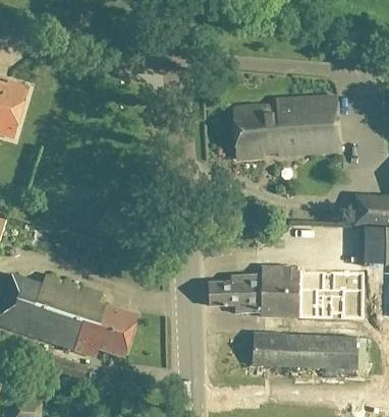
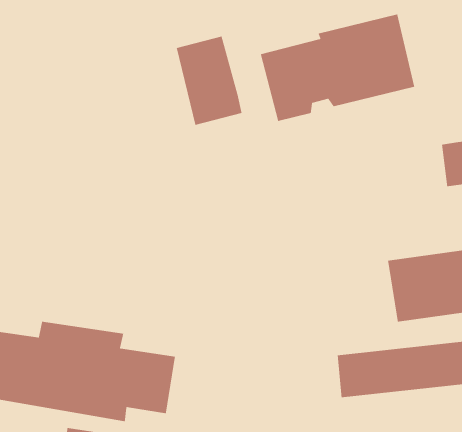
building: none -> [176,36,243,126]
building: [208,265,299,316] -> none

